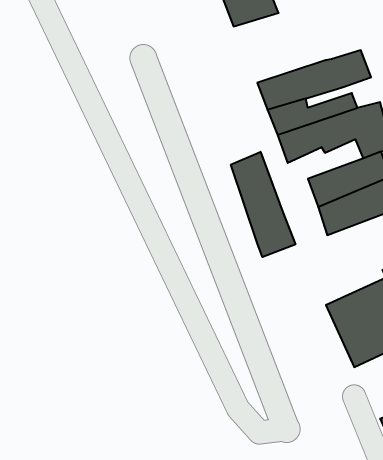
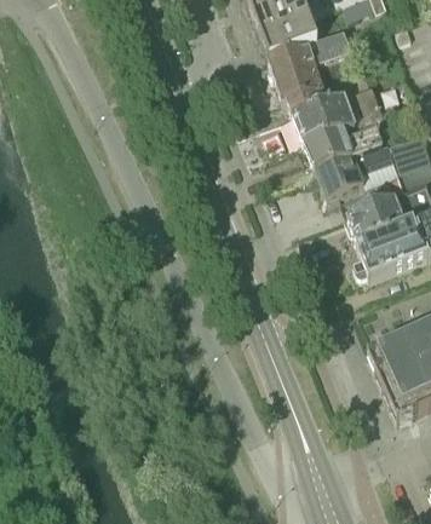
building: none -> [268,31,367,113]
building: [231,152,295,257] -> none

